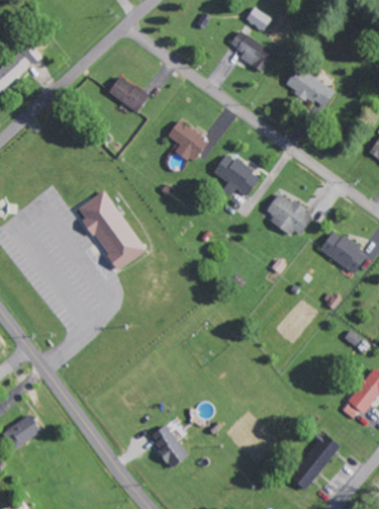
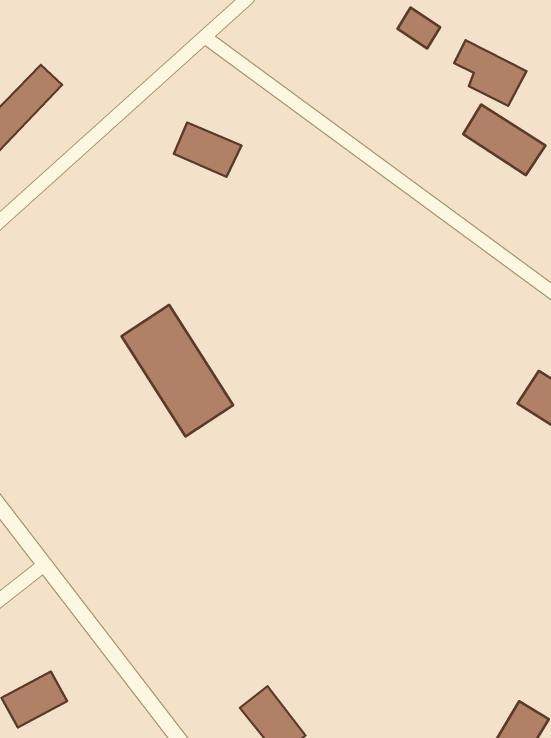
building: [231,30,276,71] -> [454,40,526,106]
building: [168,119,209,163] -> none
building: [213,154,261,194] -> none
building: [268,192,313,238] -> none

